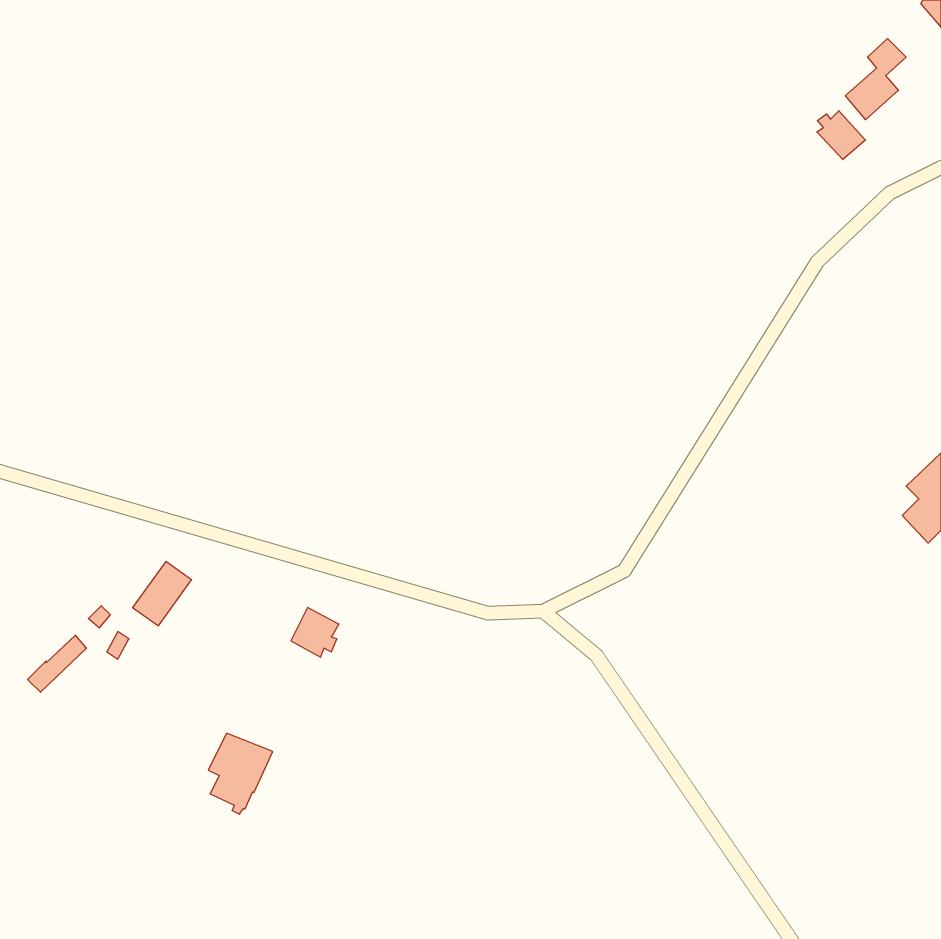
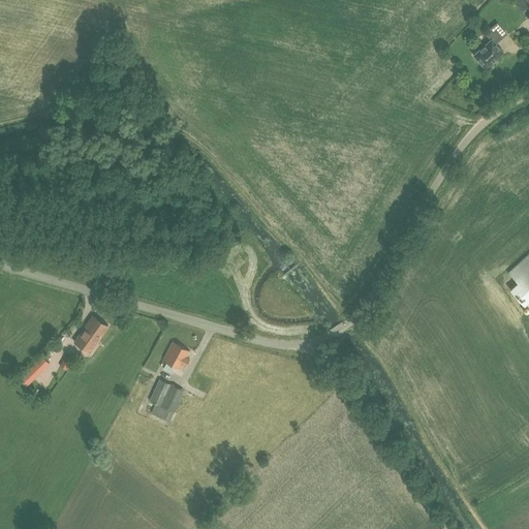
building: [817,111,866,160] -> none
building: [208,733,273,814] -> [149,380,185,426]

